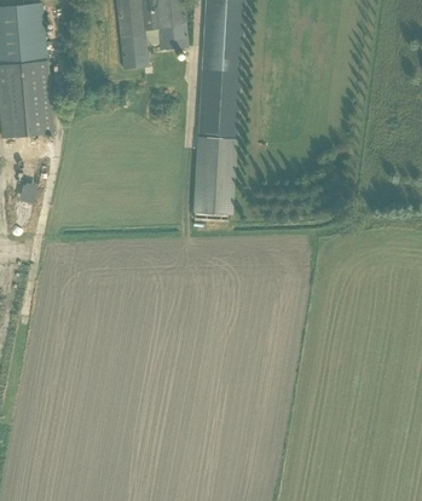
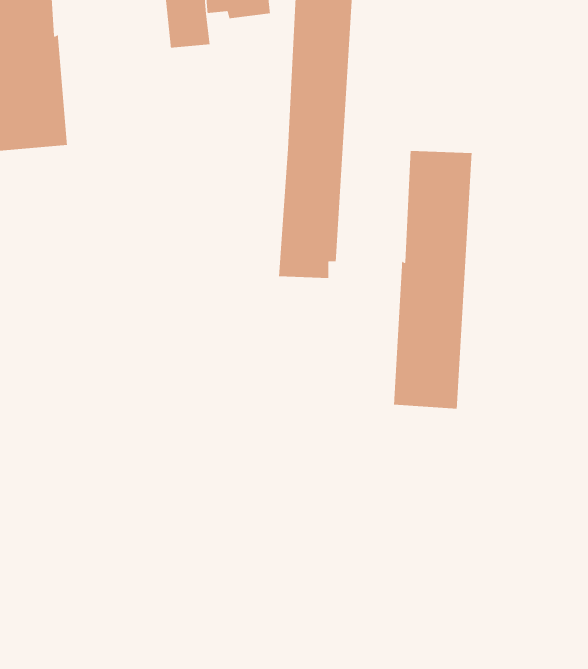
building: none -> [393,150,472,410]

